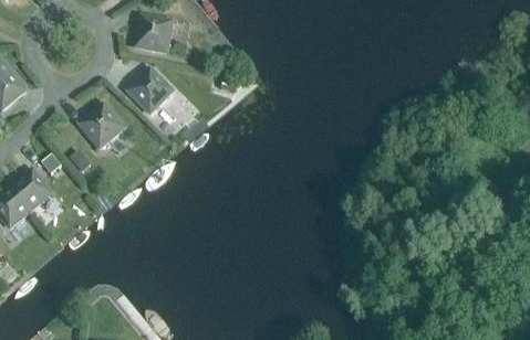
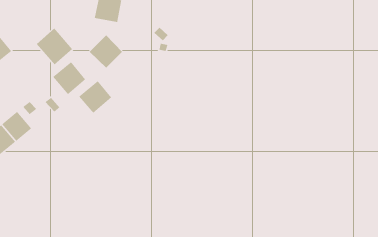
building: none -> [36,28,73,66]
building: none -> [78,80,112,114]

